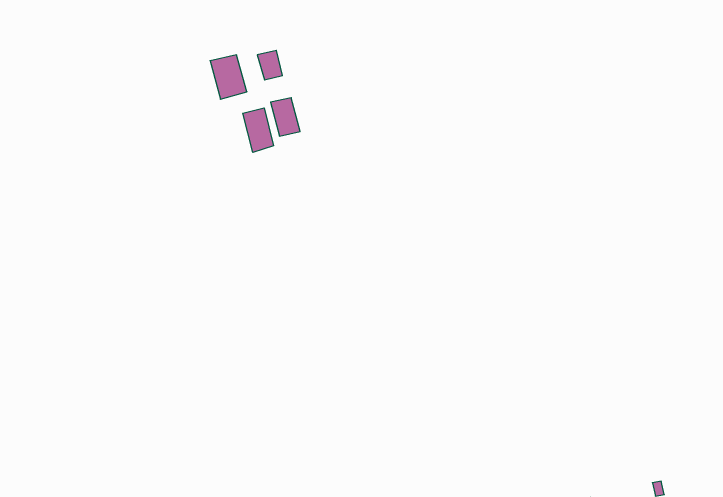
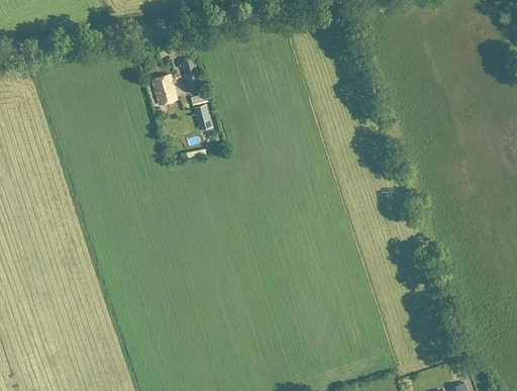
building: [243,108,274,152] -> none

